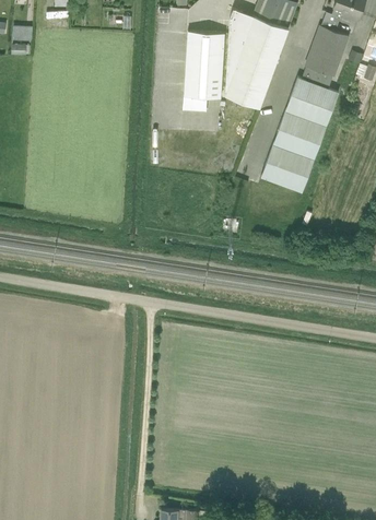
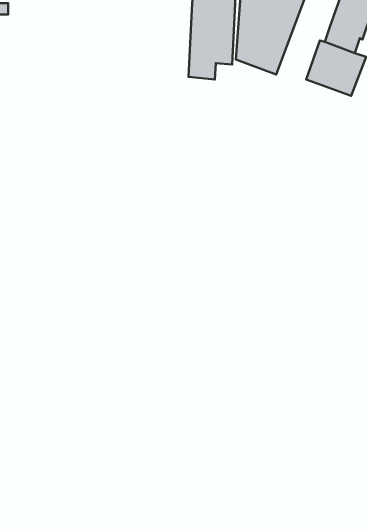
building: [260,111,325,193] -> none

